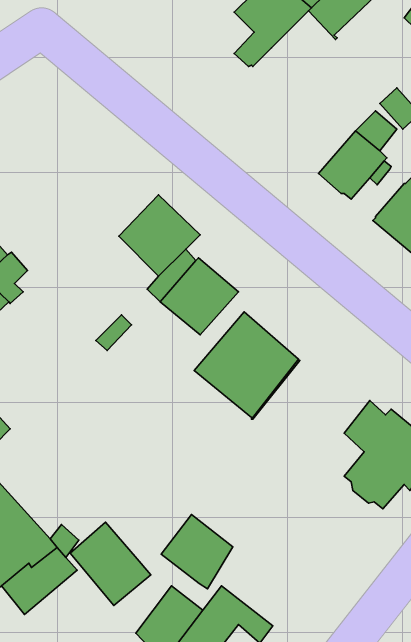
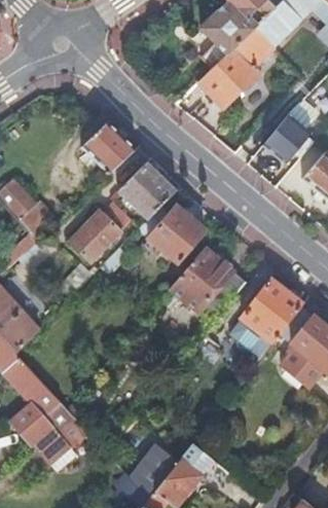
building: none -> [197,28,274,108]
building: none -> [80,121,135,173]
building: none -> [57,203,131,275]
building: none -> [228,281,301,357]
building: [161,515,233,589] -> none
building: [70,522,151,606] -> none

